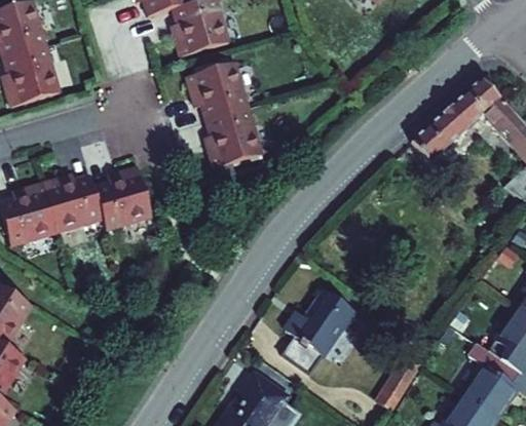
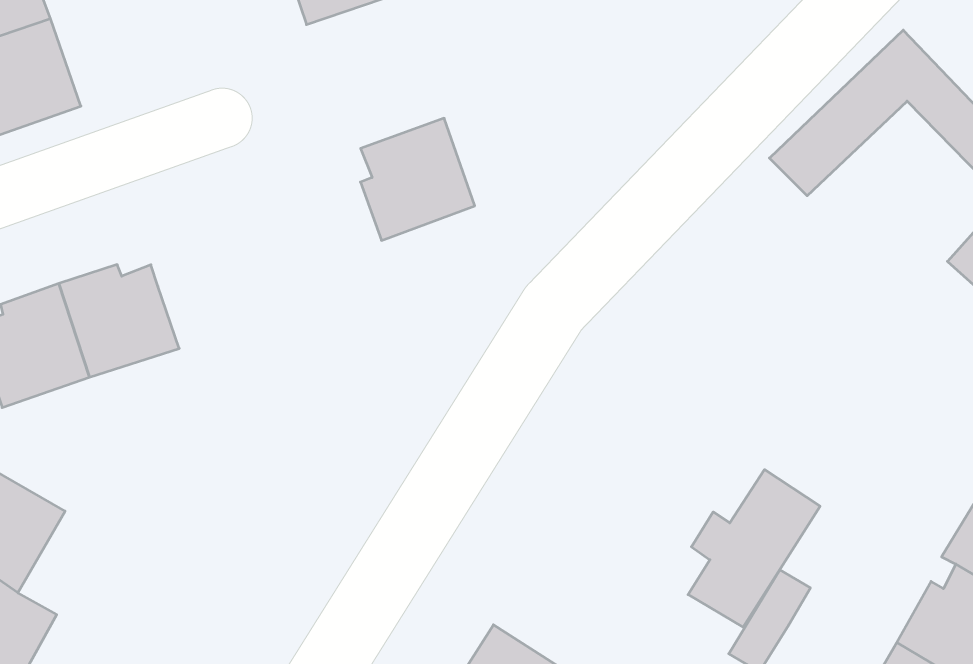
building: [182,63,246,122] -> none
building: [92,168,152,231] -> none
building: [284,288,354,370] -> [688,470,820,627]

